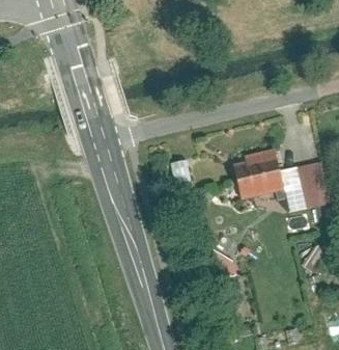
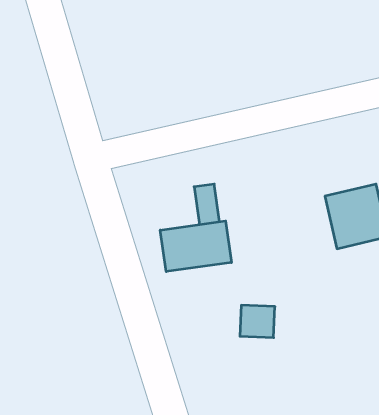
building: [234,150,283,198] -> none
building: none -> [160,221,231,272]

